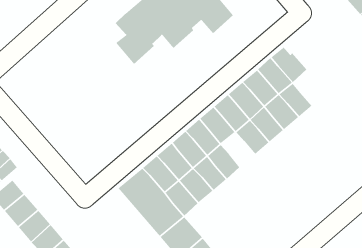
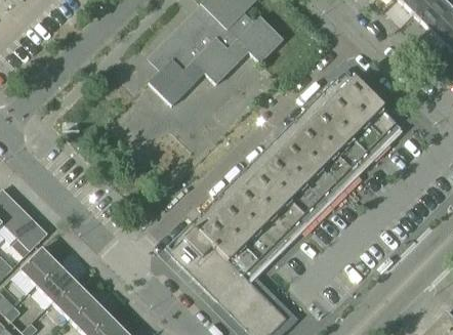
building: none -> [358,95,397,136]
building: none -> [280,173,321,213]

